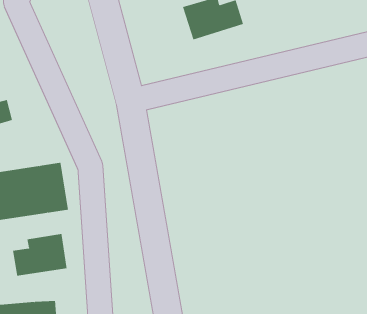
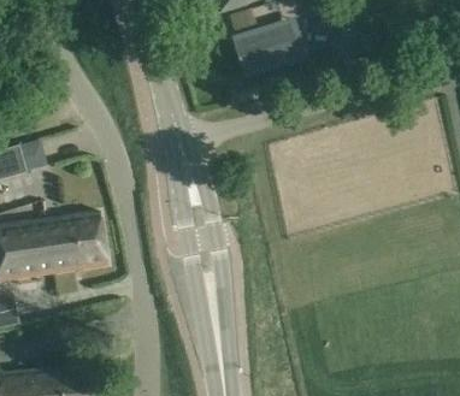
building: [12,233,67,276] -> none

